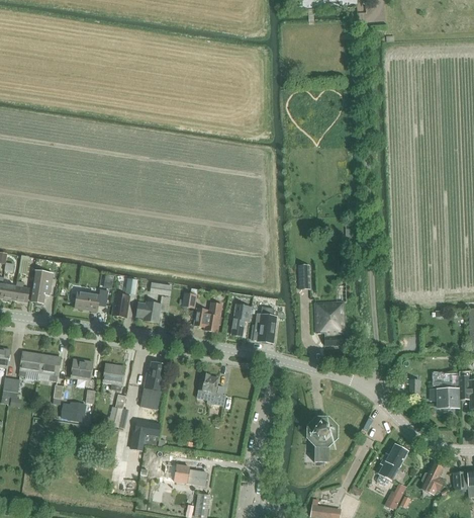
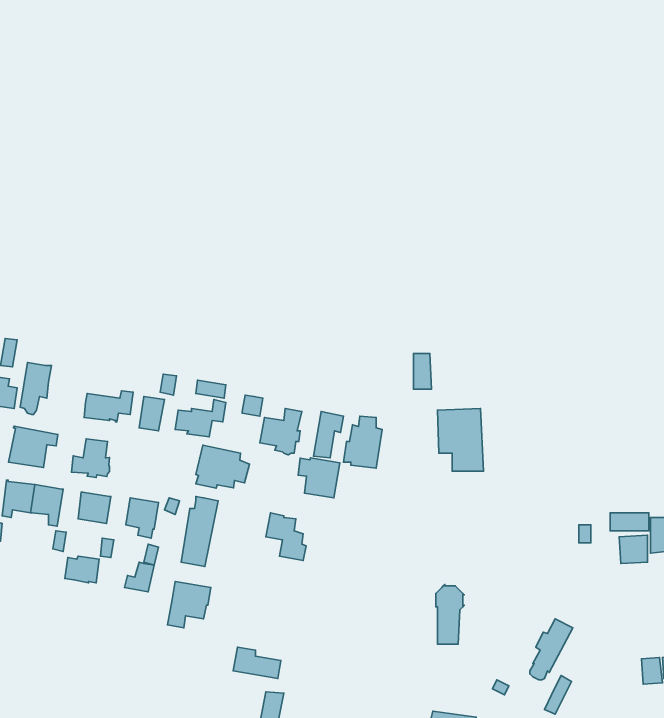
building: none -> [9,426,58,468]
building: none -> [71,439,110,478]
building: none -> [196,445,249,488]
building: none -> [298,458,340,498]
building: [420,461,444,495] -> none

